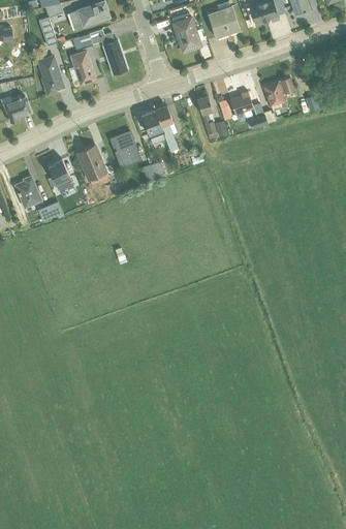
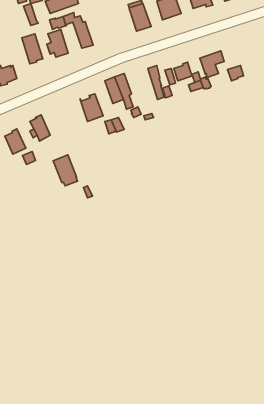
building: [76,145,107,184] -> [53,155,77,186]

